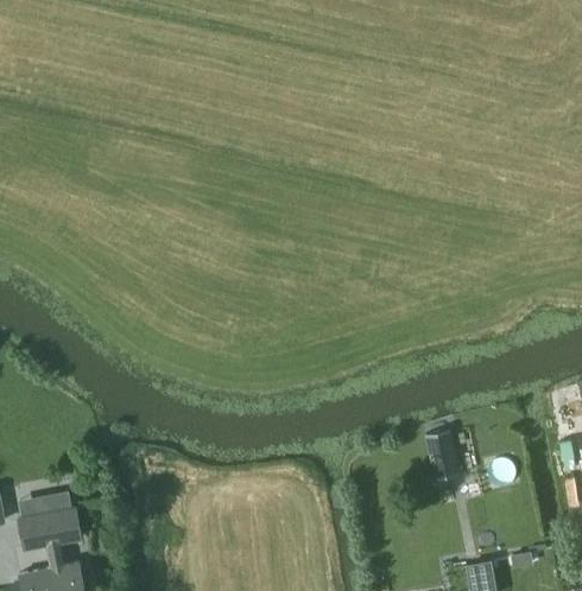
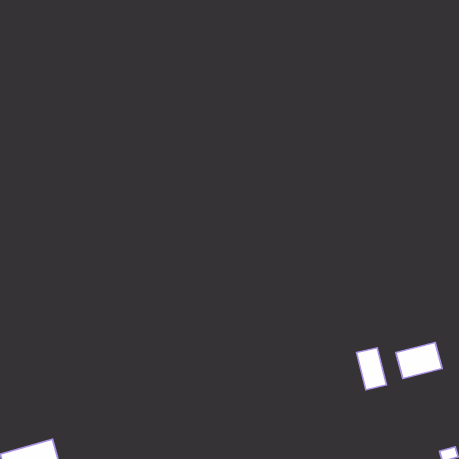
building: none -> [396,343,442,378]

